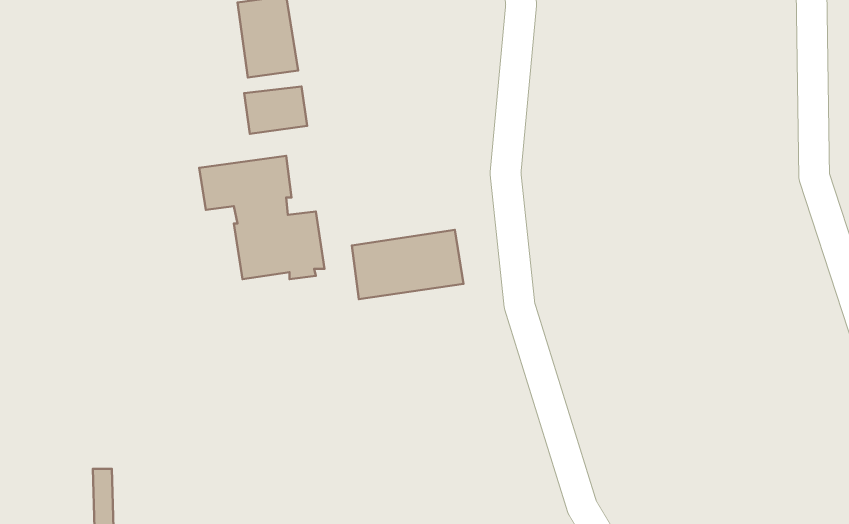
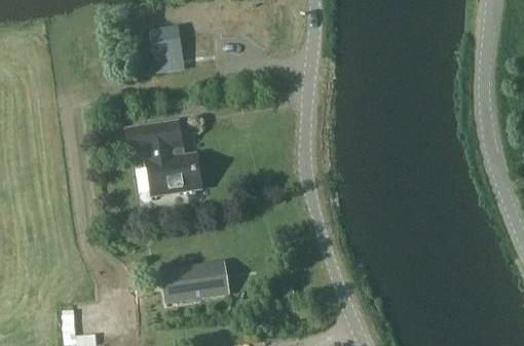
building: [244,86,307,134] -> none
building: [352,230,463,299] -> [162,261,228,302]

